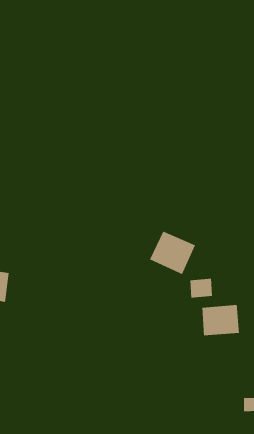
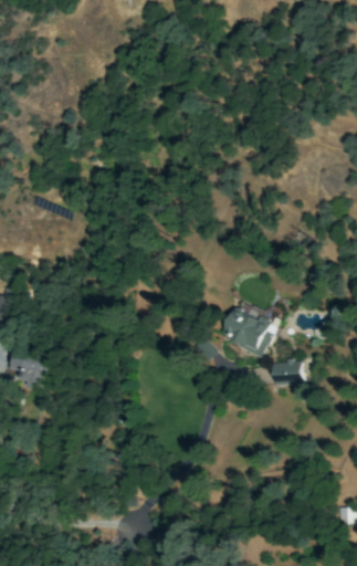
building: [202,304,240,336] -> none

